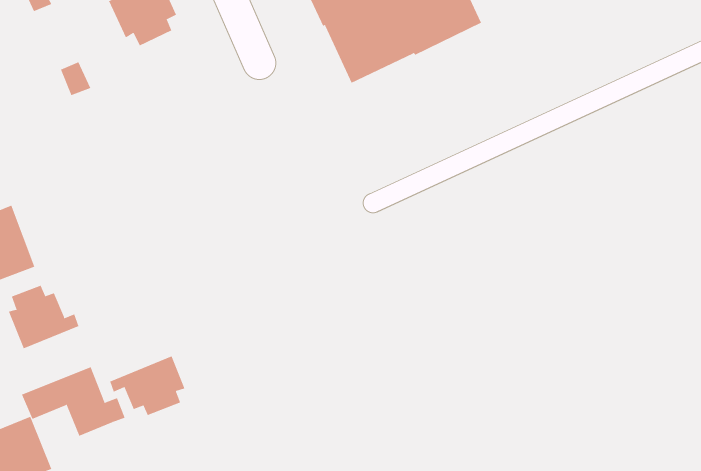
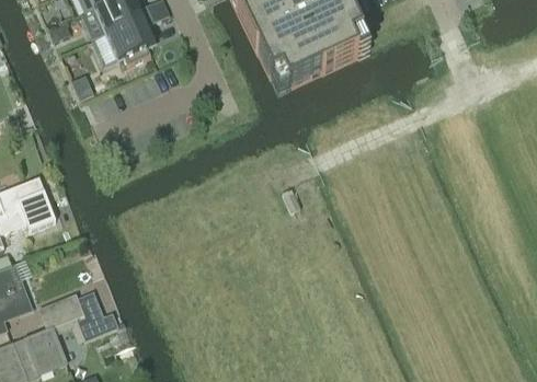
building: [8,285,79,349] -> none
building: [109,356,185,416] -> none

